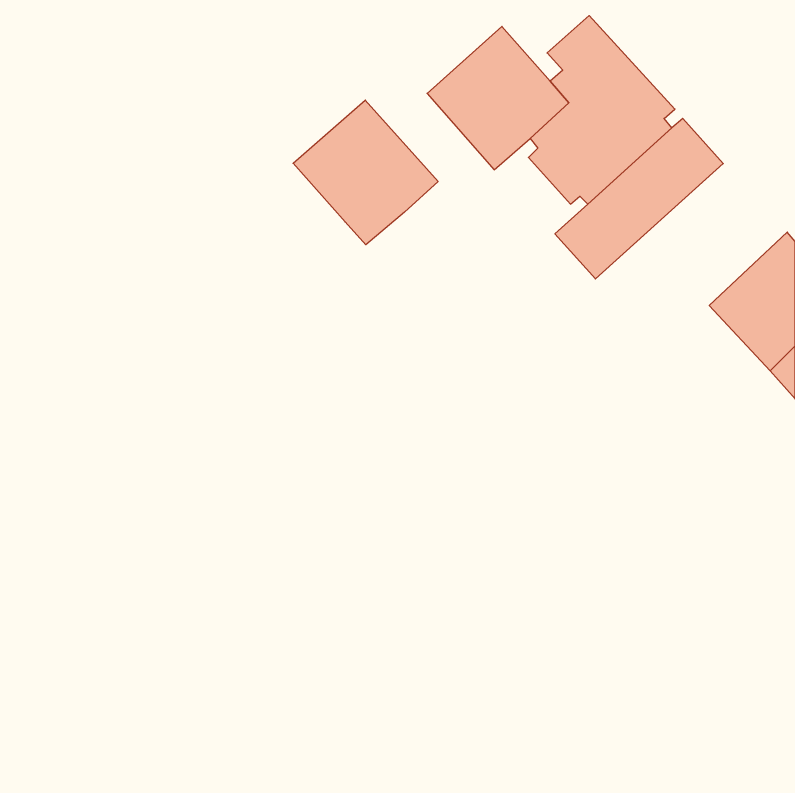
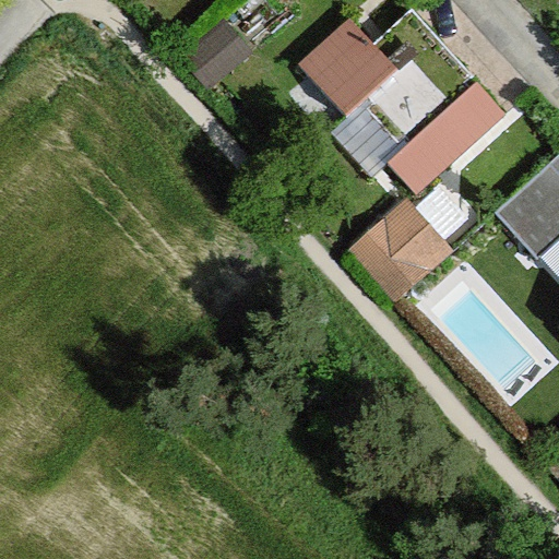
building: [293,100,438,245] -> none
building: none -> [357,206,449,297]

